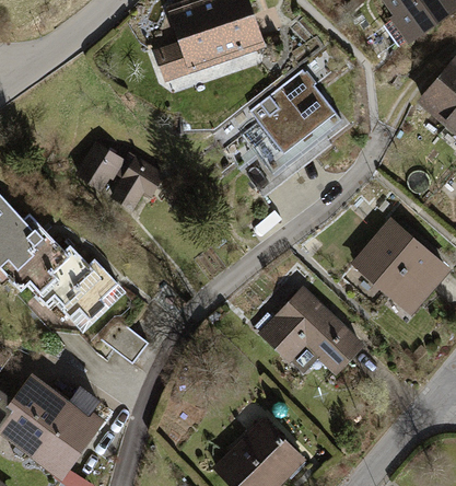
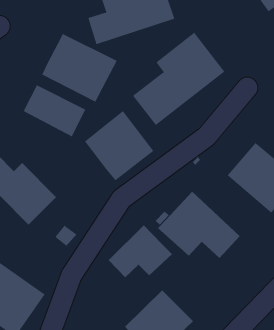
building: none -> [42,33,118,102]
building: none -> [84,110,154,181]
building: none -> [108,225,173,278]

